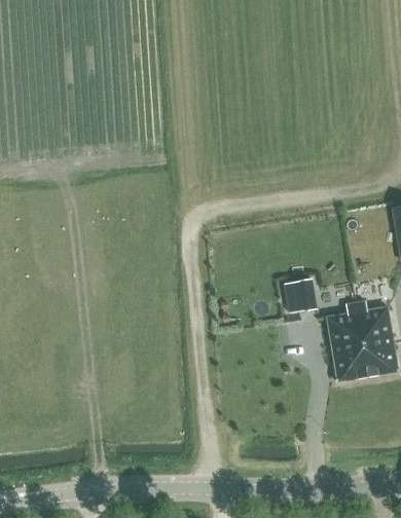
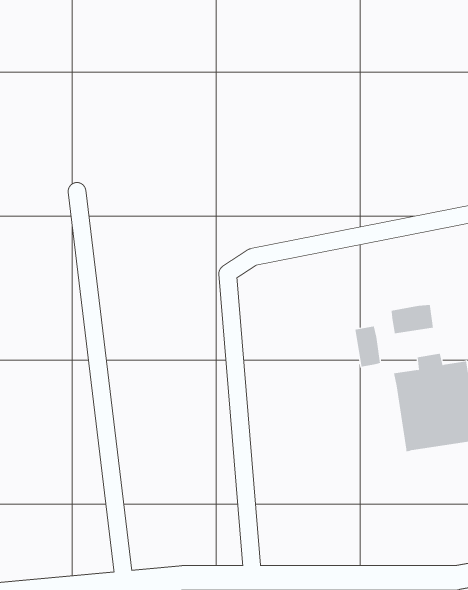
building: none -> [391,304,434,334]

